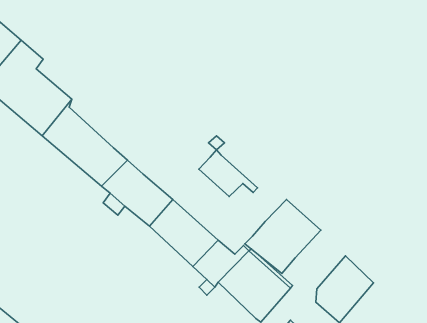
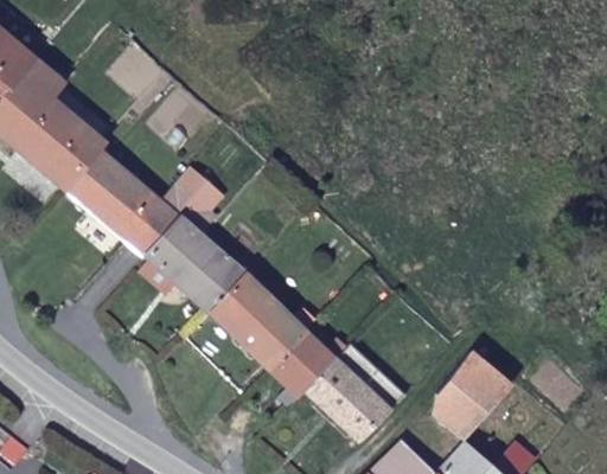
building: none -> [161,171,223,242]
building: [199,150,257,196] -> none
building: [245,200,321,273] -> none

